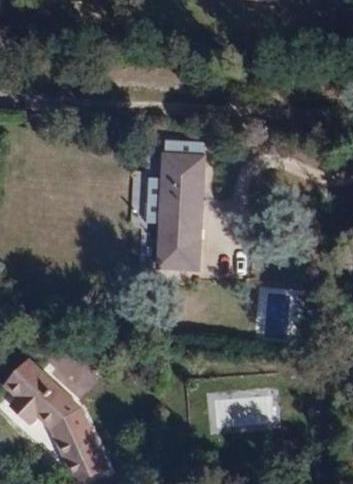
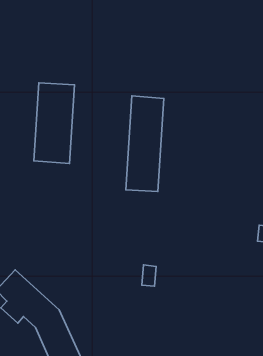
building: none -> [34,83,74,163]

